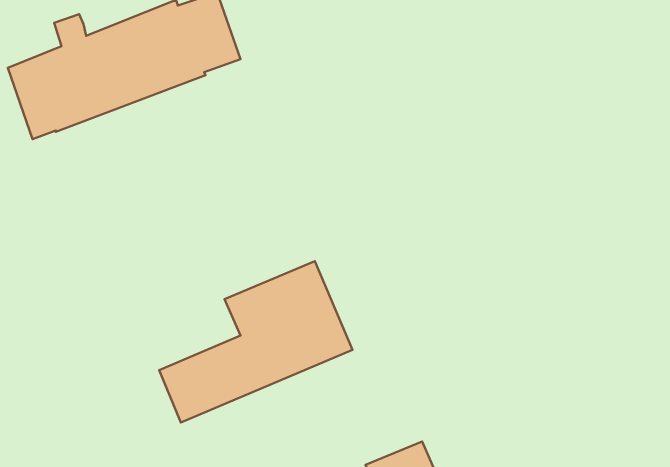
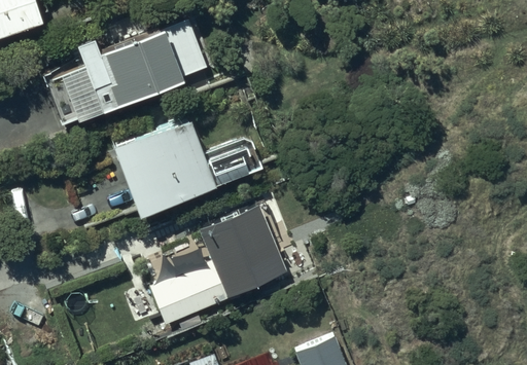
building: none -> [112,119,261,215]

